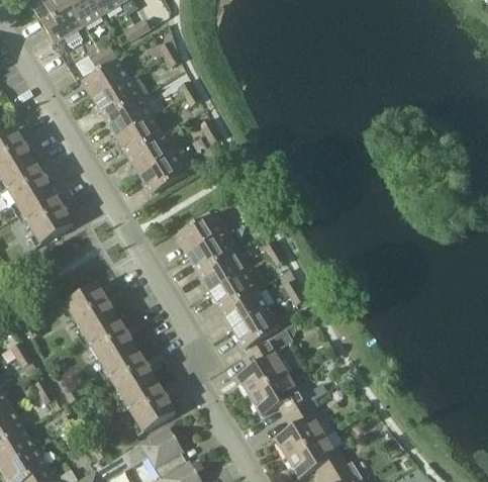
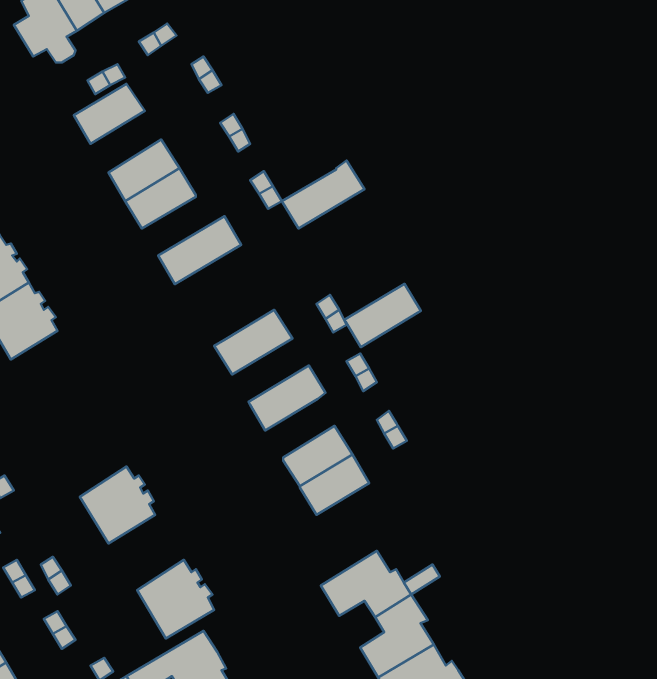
building: [93,75,147,119] -> none
building: [127,129,183,175] -> [282,161,365,228]
building: [188,230,239,273] -> [344,284,421,347]
building: [210,271,257,310] -> none
building: [66,284,117,336] -> none
building: [235,329,292,396] -> none
building: [105,349,156,399] -> none

